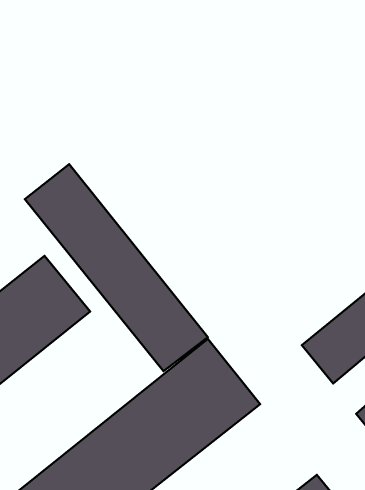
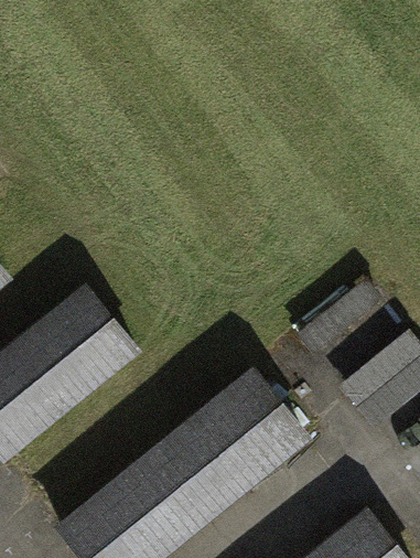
building: [25,164,208,371] -> none

